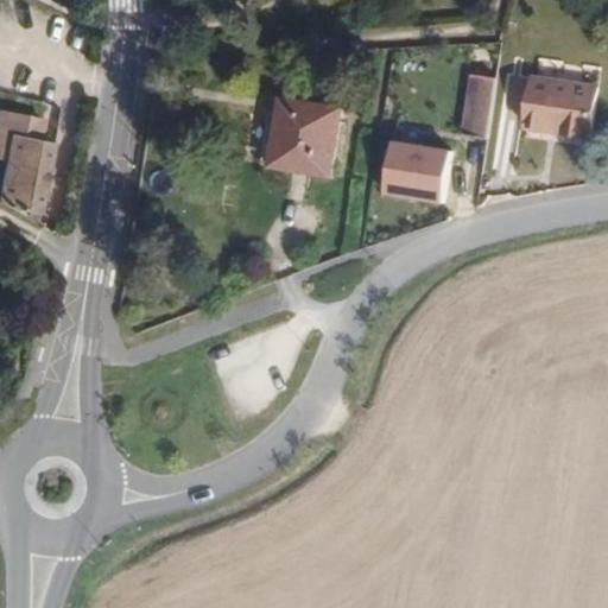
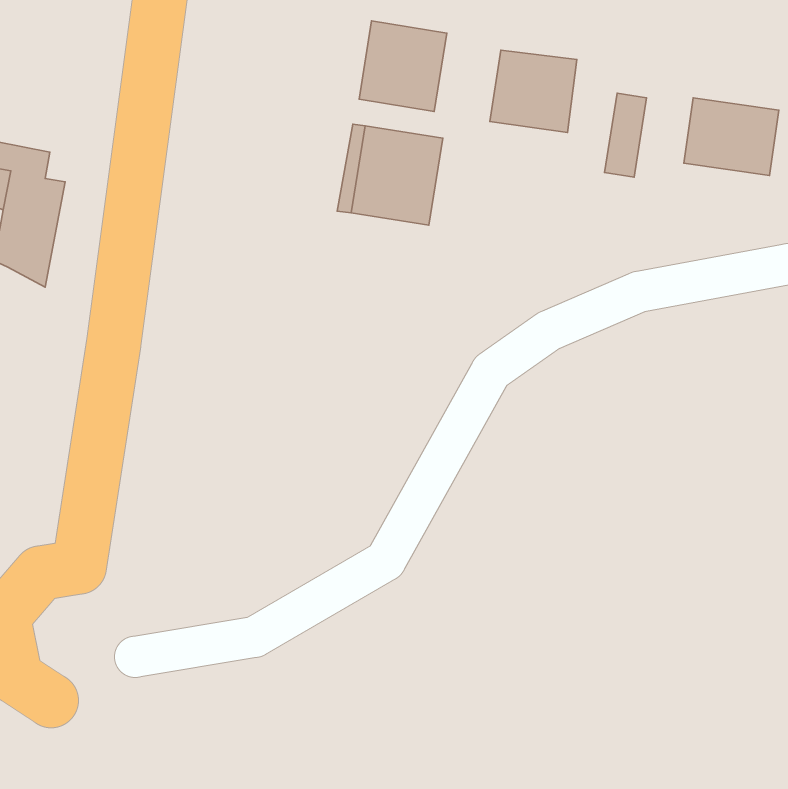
building: none -> [359,21,447,111]
building: [379,140,445,203] -> [490,50,577,132]

